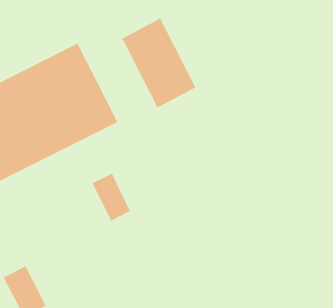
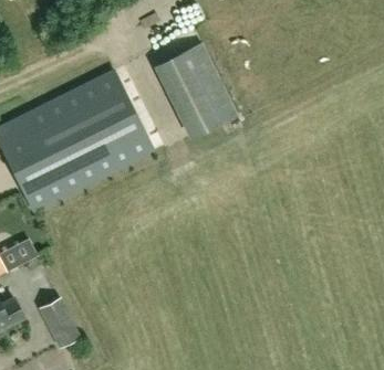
building: [92,173,131,222] -> none

